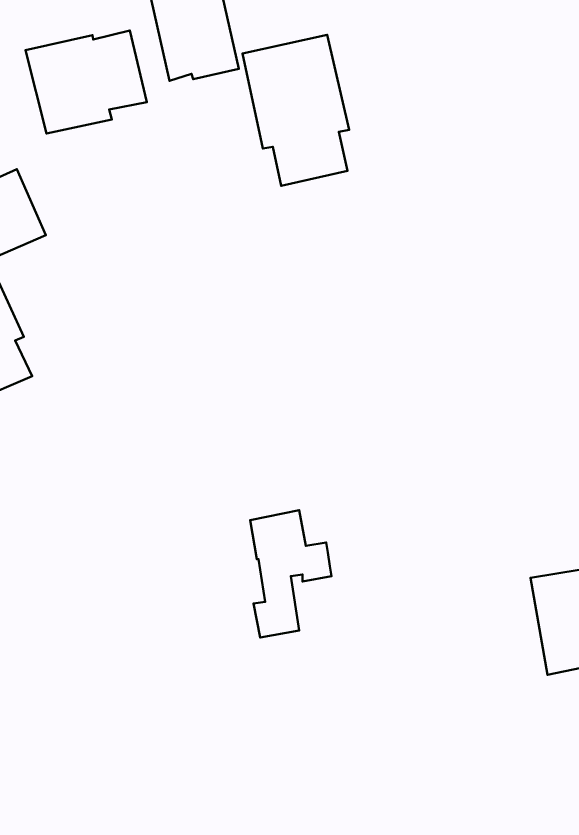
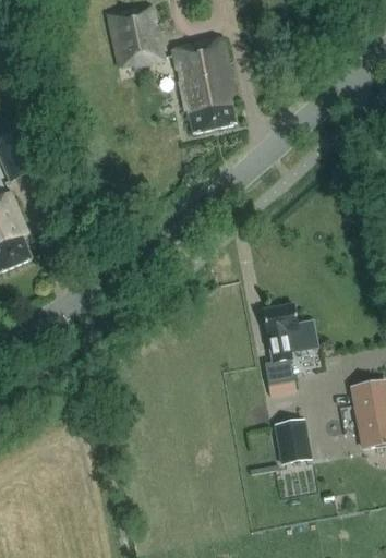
building: [26,30,147,133] -> none
building: [250,510,331,637] -> [263,304,315,386]
building: none -> [276,421,312,464]

